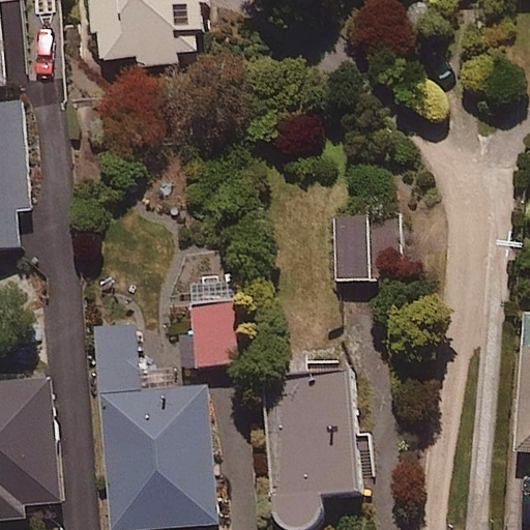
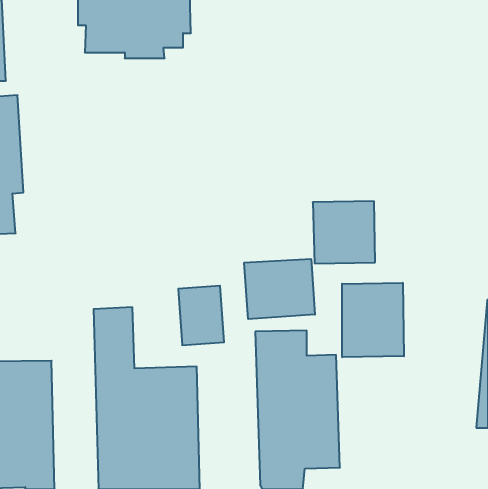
building: none -> [244,259,315,319]
building: none -> [342,283,404,357]

